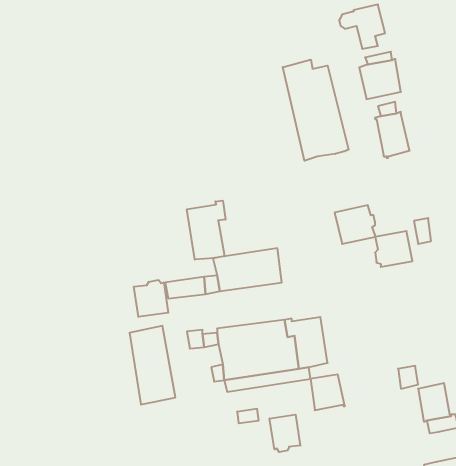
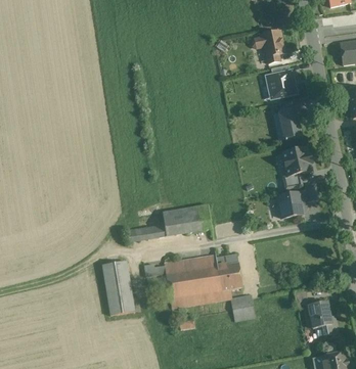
building: [283,60,349,161] -> none
building: [187,201,226,260] -> none
building: [335,205,375,244] -> [282,147,311,175]
building: [134,280,168,317] -> none
building: [270,415,300,452] -> none

